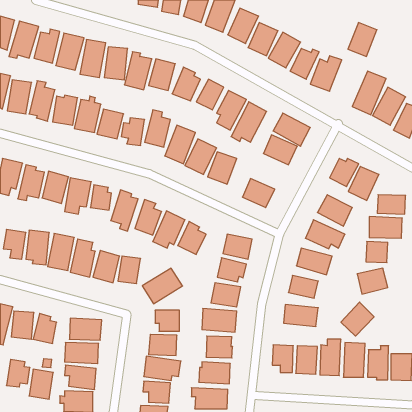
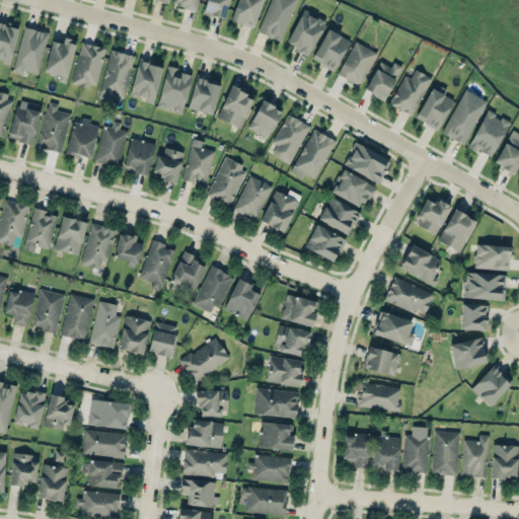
building: [348,23,377,56] -> [417,87,453,130]
building: none -> [319,199,360,234]
building: [341,302,374,336] -> [471,364,513,406]

